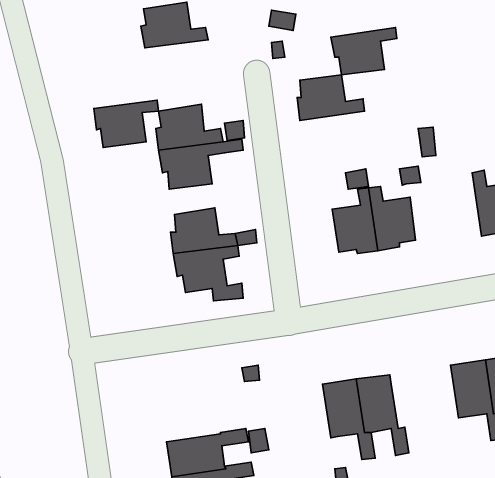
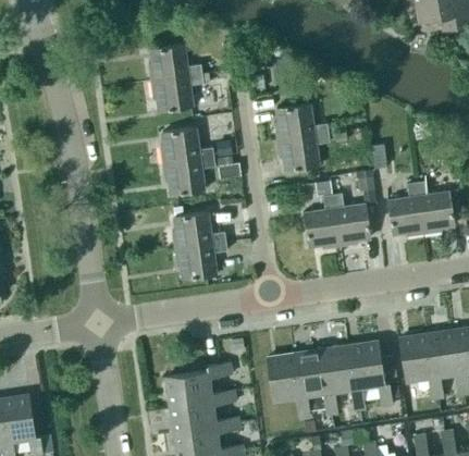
building: [331,28,397,75] -> [276,132,330,170]
building: [94,100,158,147] -> [151,74,203,112]
building: none -> [385,182,423,235]
building: none -> [349,341,398,406]
building: none -> [267,353,310,418]
building: none -> [165,360,231,399]

